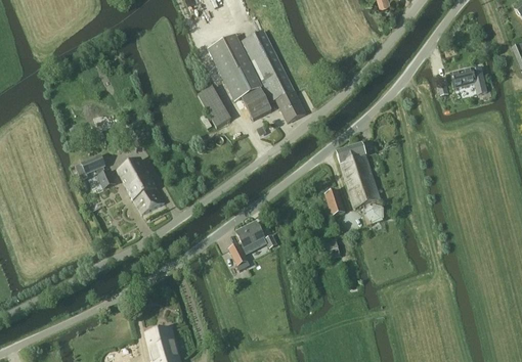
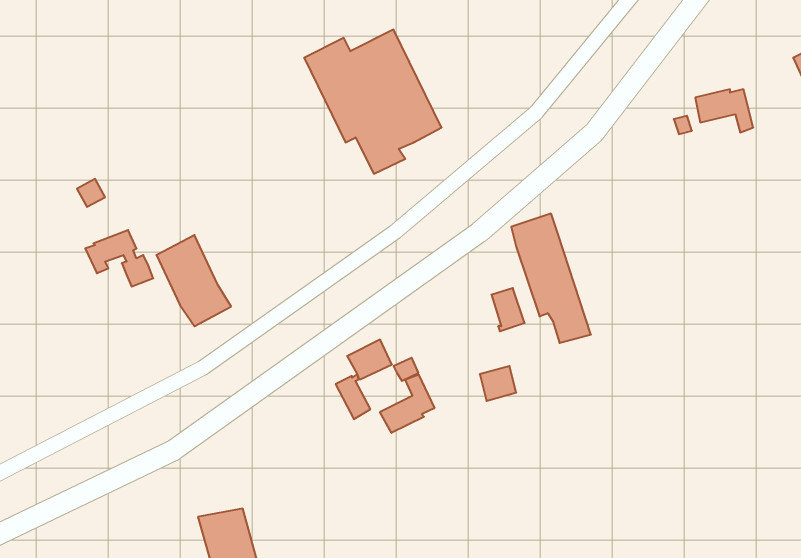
building: [198,87,230,127] -> none
building: [276,91,305,121] -> none
building: none -> [380,375,434,433]

